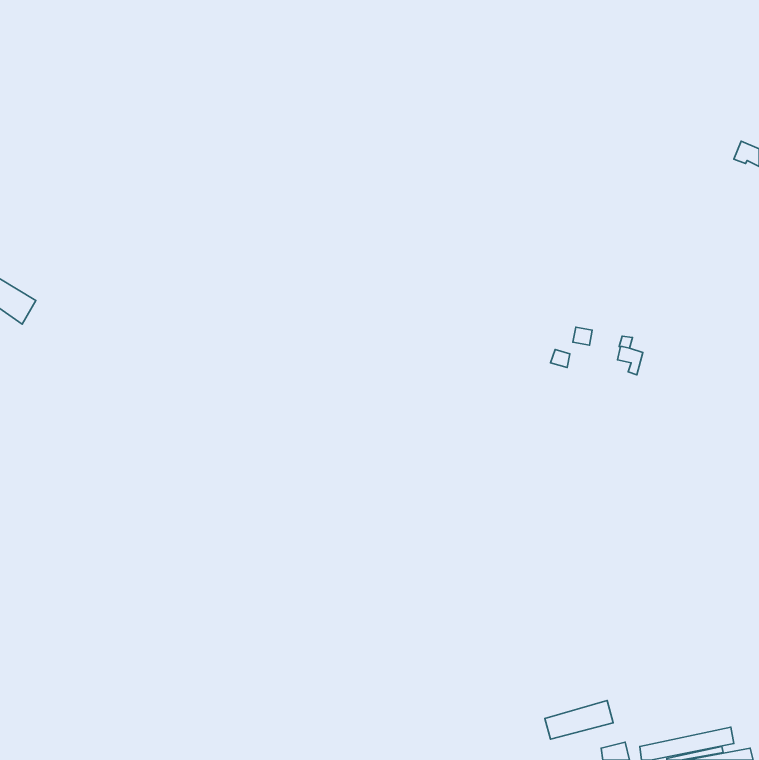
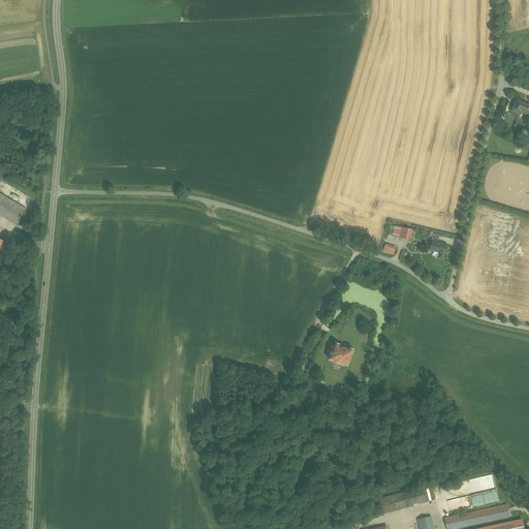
building: none -> [326,341,352,369]

